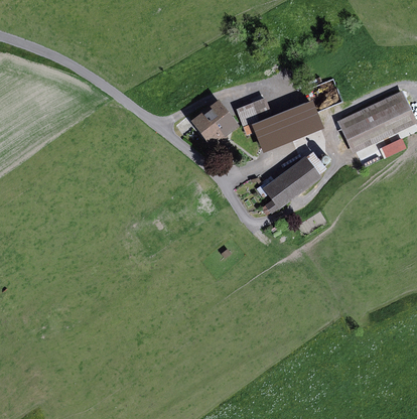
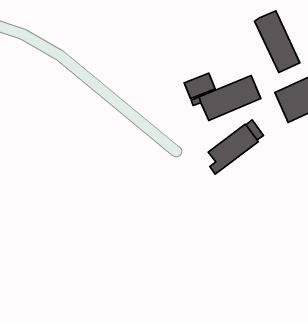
building: none -> [254,11,300,73]
building: [190,100,238,146] -> none

